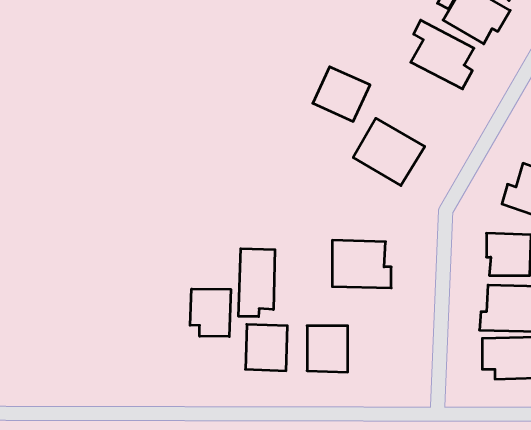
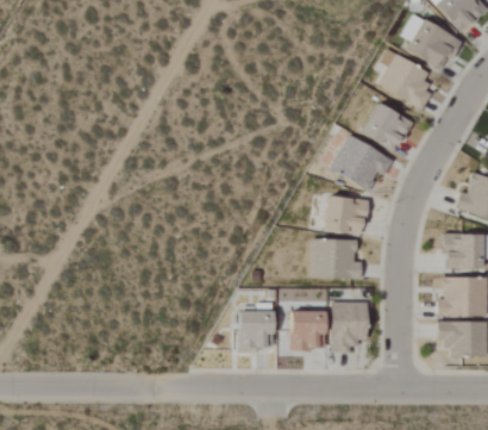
building: [313,67,370,121] -> [362,102,411,149]
building: none -> [326,195,367,232]
building: [239,249,275,317] -> none
building: [190,289,231,337] -> none
building: none -> [332,300,368,351]

